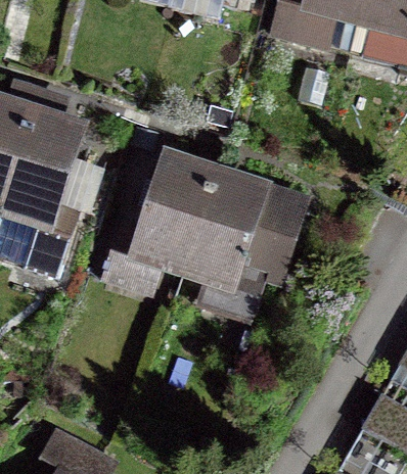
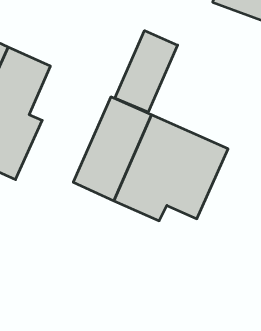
building: none -> [115,31,178,112]

